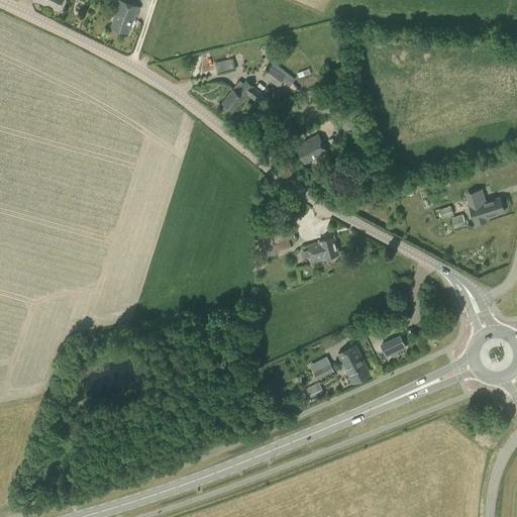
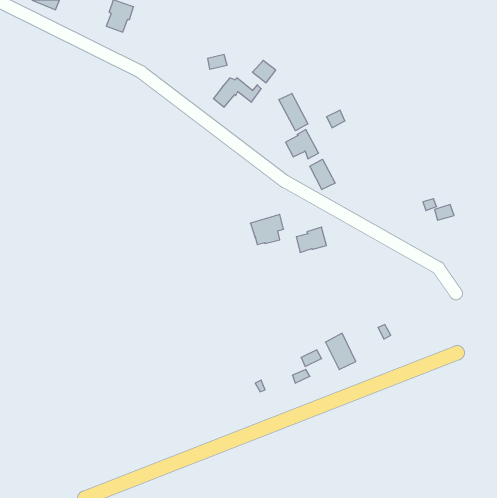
building: none -> [279,93,308,131]
building: none -> [310,159,335,190]
building: [468,196,503,223] -> none

